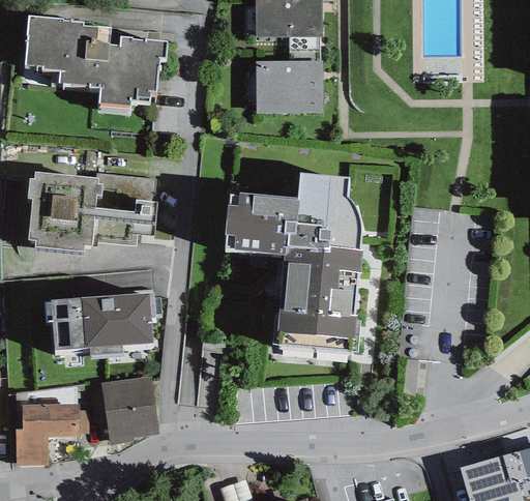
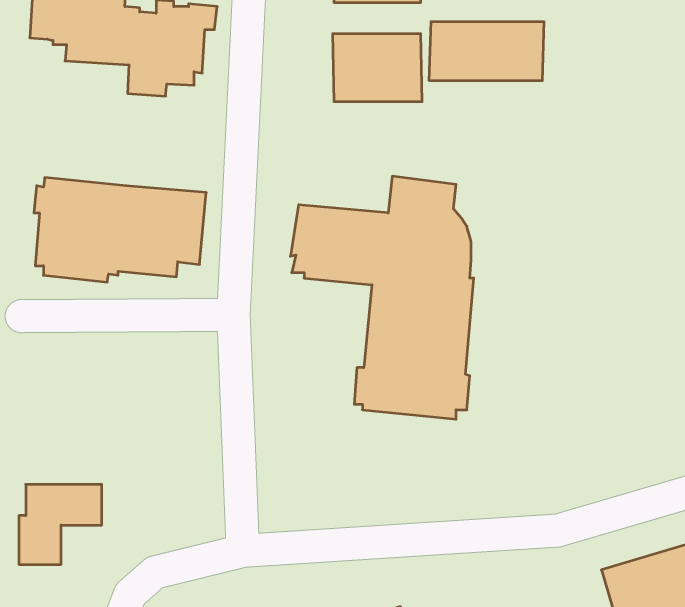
building: none -> [429,22,544,81]
building: [43,291,152,355] -> none
building: [100,377,158,445] -> none

